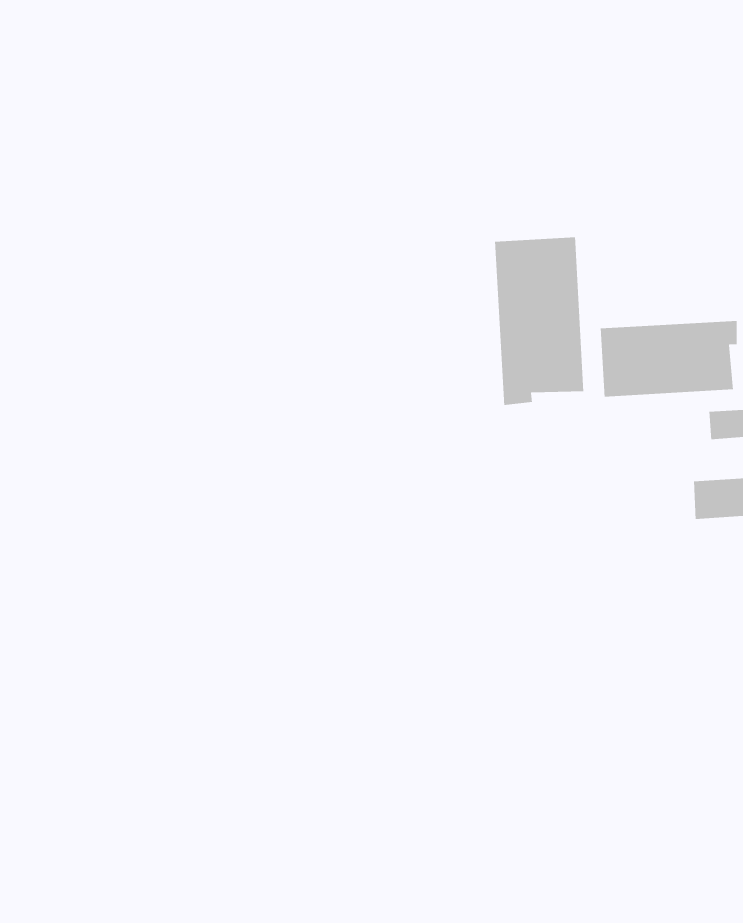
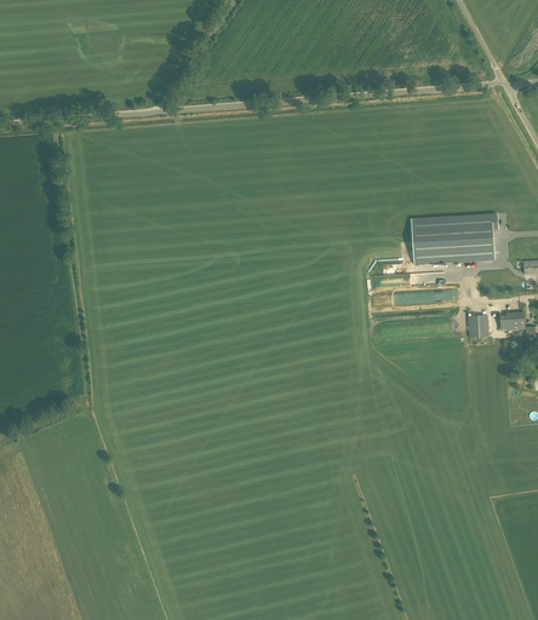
building: [494,236,584,406] -> none

